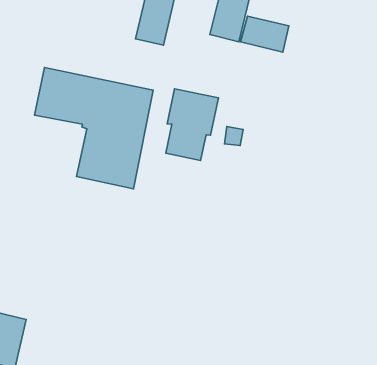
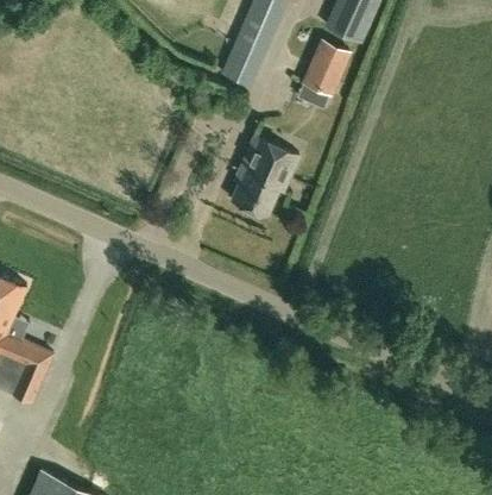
building: [240,16,289,52] -> none
building: [34,67,153,189] -> none

